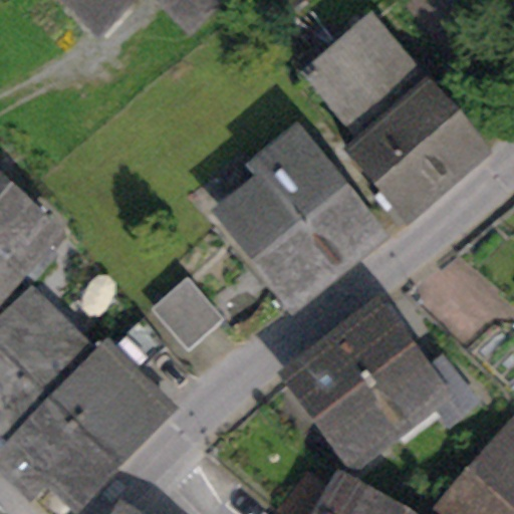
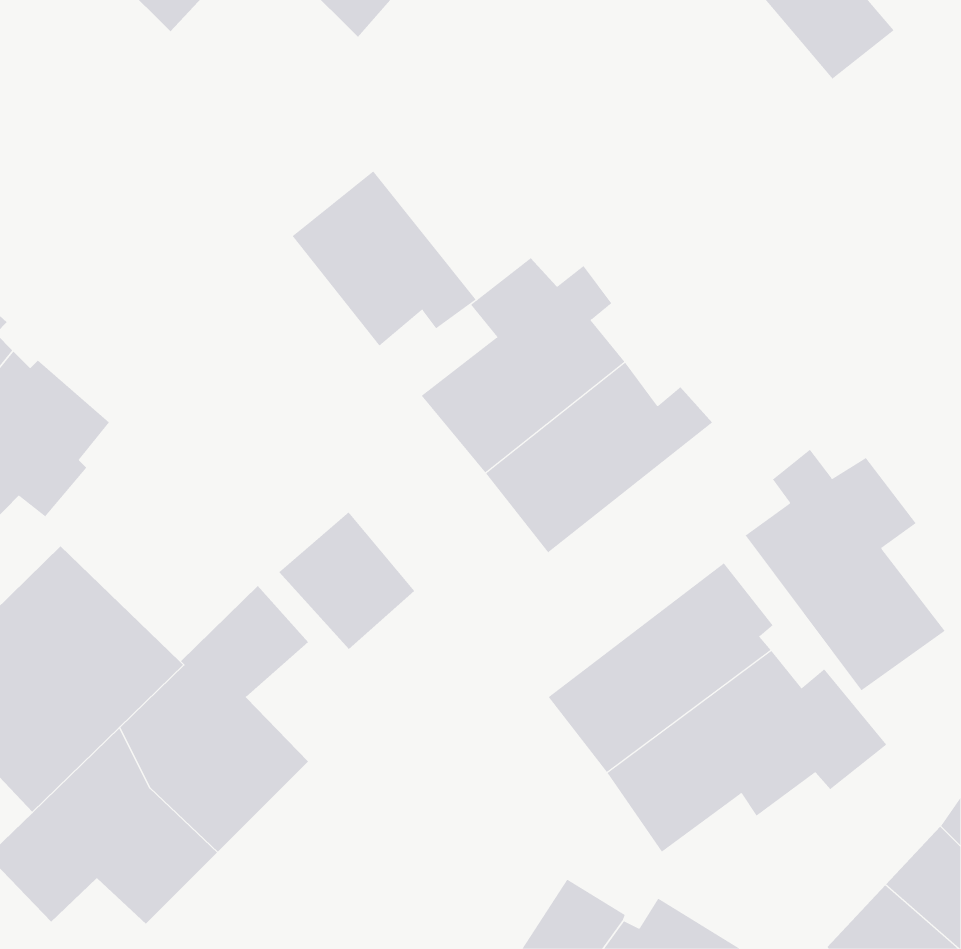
building: [304,15,480,215] -> none
building: none -> [292,170,477,346]
building: none -> [745,449,945,691]

